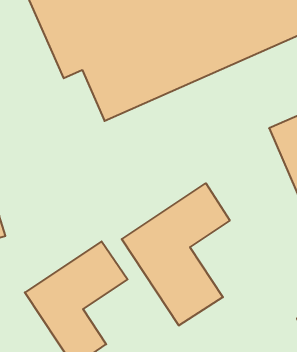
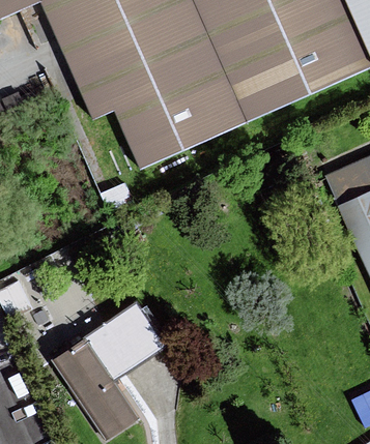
building: [122,183,230,326] -> none

